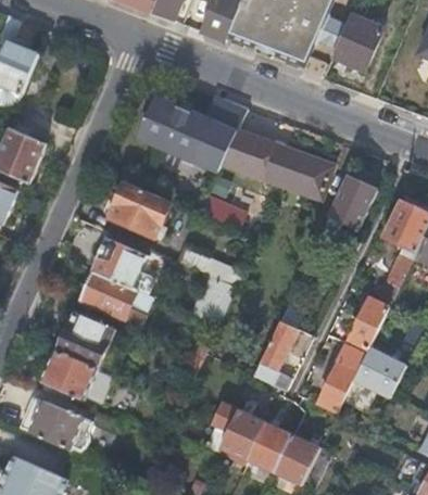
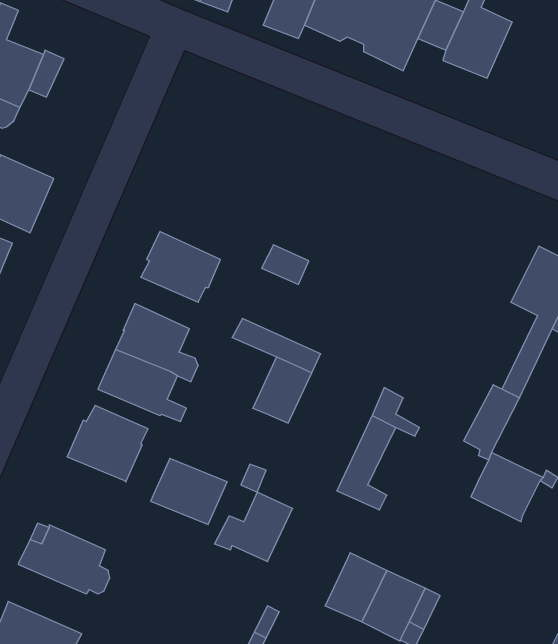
building: [139,96,247,173] -> none
building: [240,135,332,200] -> none
building: [326,169,380,229] -> none
building: [317,341,366,412] -> none
building: [41,350,98,398] -> [151,458,227,525]
building: [206,408,264,459] -> [214,492,293,562]

